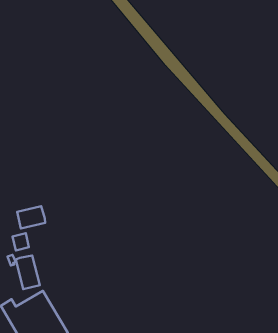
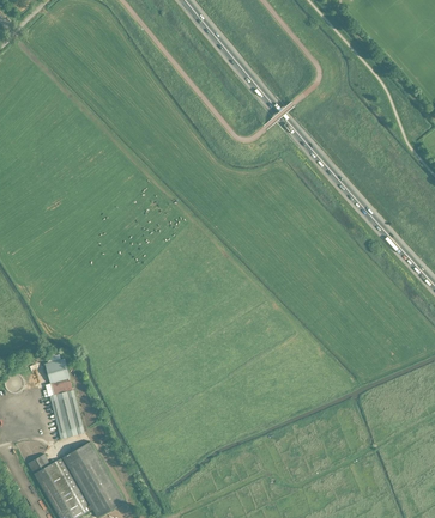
building: [17,206,45,229] -> none

